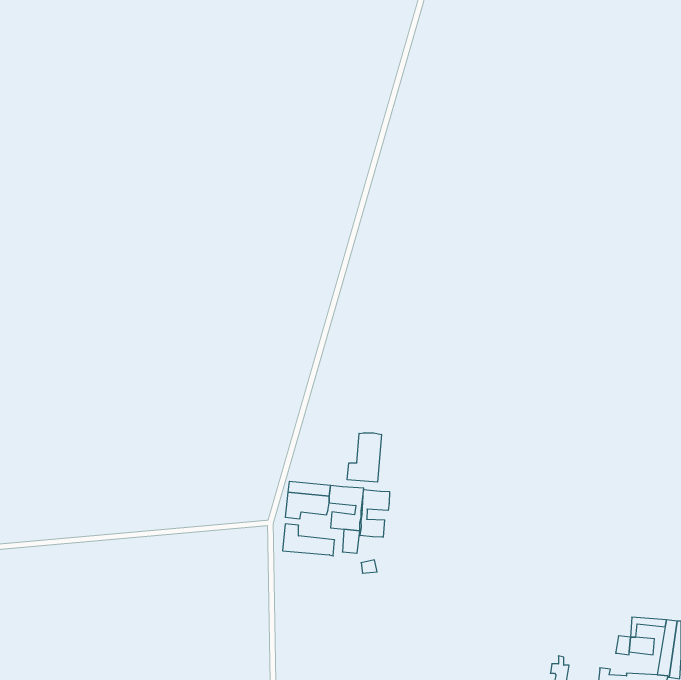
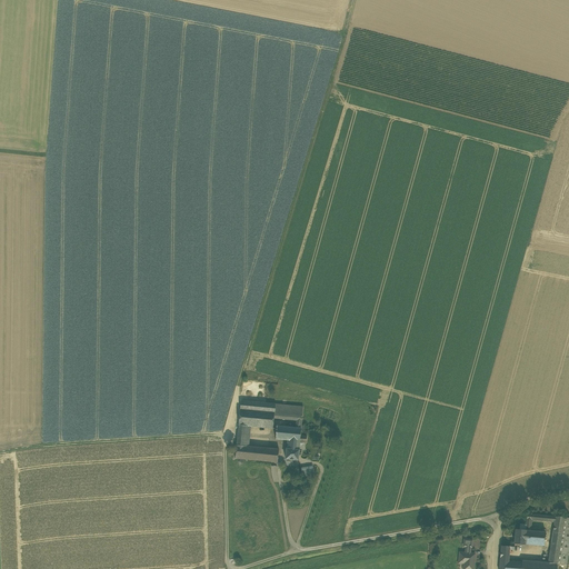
building: [347,433,381,482] -> none
building: [360,489,390,537] -> none

